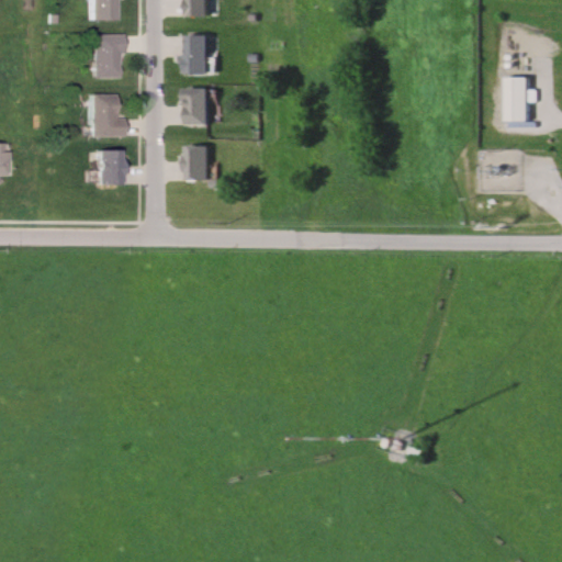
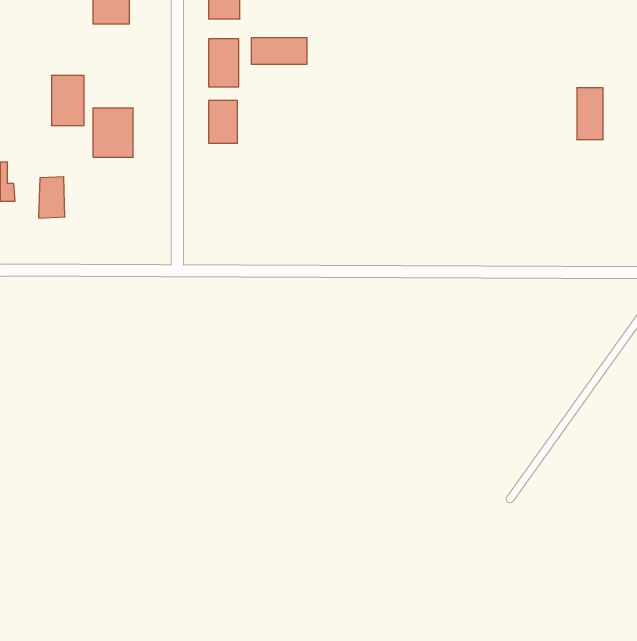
building: none -> [251,38,307,64]
building: [89,34,117,78] -> [51,75,84,126]
building: [192,144,215,180] -> none
building: [93,147,116,183] -> [39,177,65,218]

